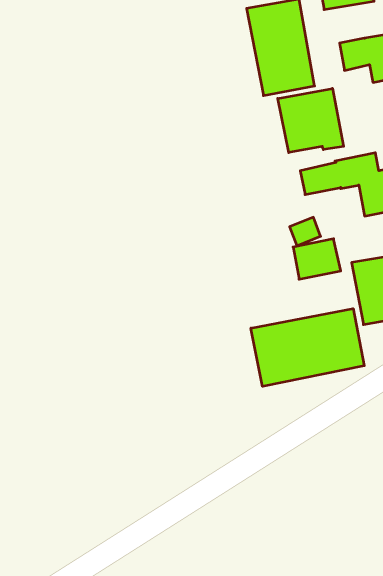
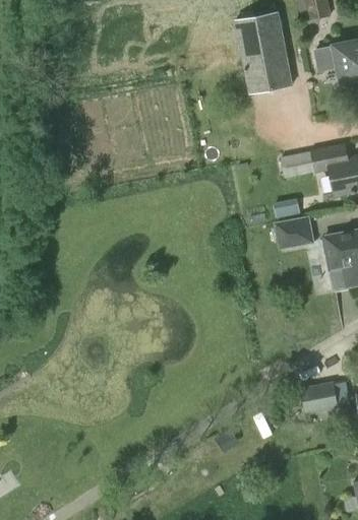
building: [278,88,344,153] -> none
building: [251,309,364,386] -> none
building: none -> [301,383,338,412]

